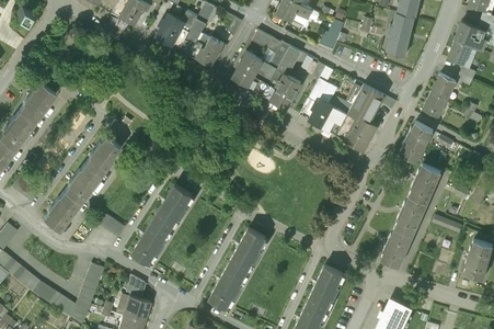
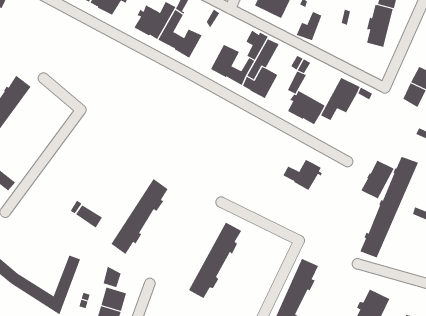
building: [336,117,377,149] -> [282,159,323,191]
building: [400,122,434,161] -> [361,160,395,199]
building: [44,137,119,230] -> none

